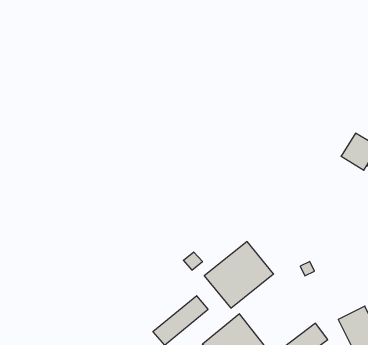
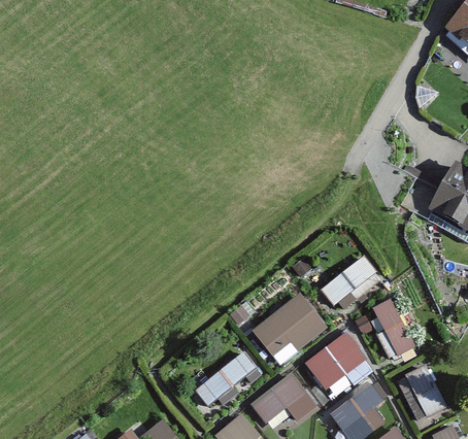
building: none -> [320,255,376,305]
building: none -> [373,298,417,365]
building: none -> [305,332,365,389]

